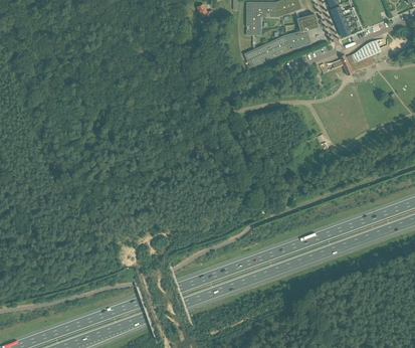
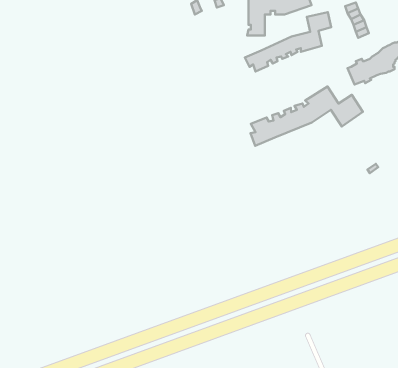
building: none -> [250,87,363,146]

